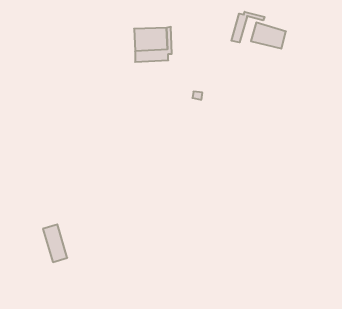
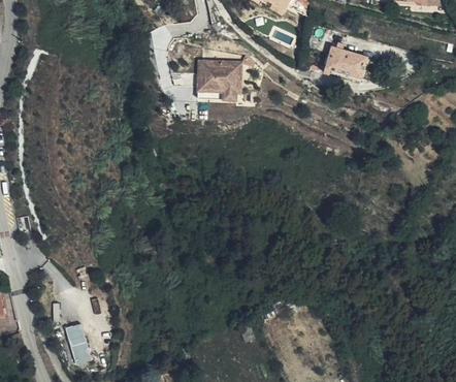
building: [231,12,265,42] -> none
building: [43,224,67,262] -> [65,322,93,365]

